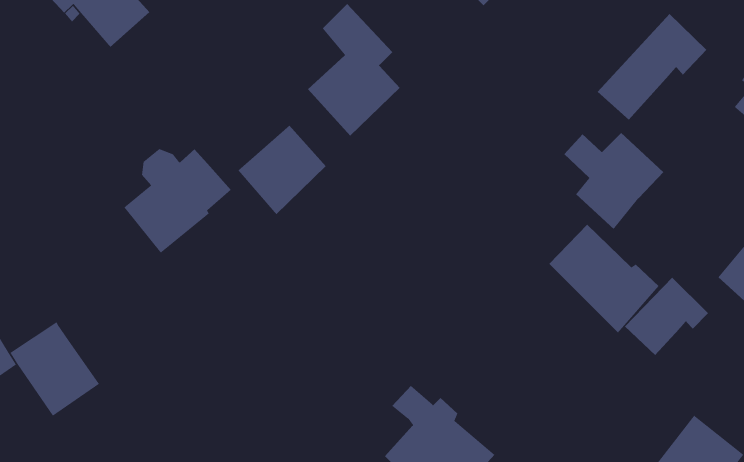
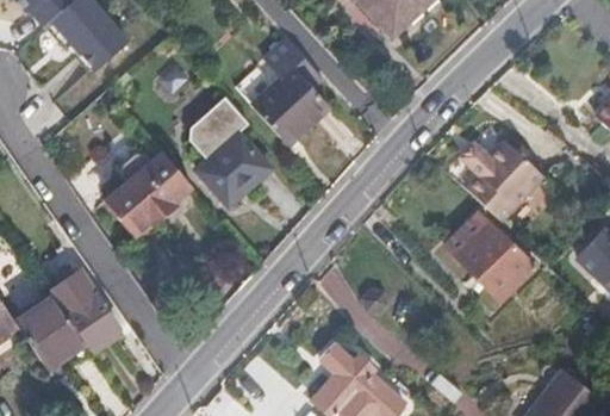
building: [597,13,707,121] -> none
building: none -> [189,98,249,161]
building: [624,277,709,356] -> none
building: none -> [52,273,120,350]

